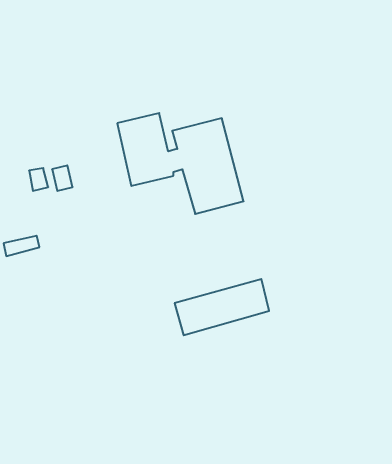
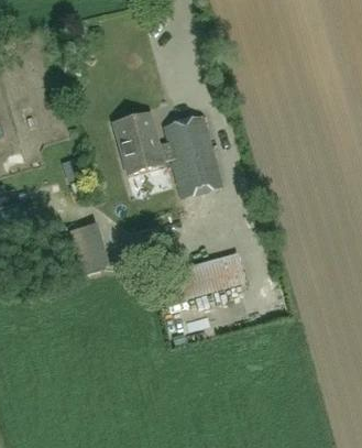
building: none -> [69,223,102,271]

